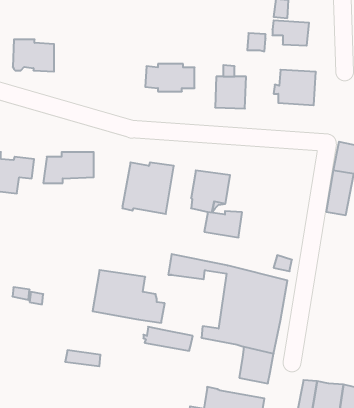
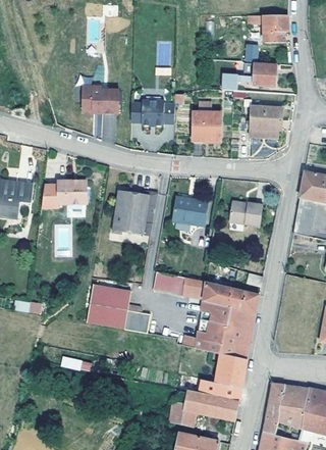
building: [13,39,54,72] -> [83,86,119,114]
building: [204,211,242,237] -> [228,202,262,226]
building: [143,327,193,351] -> [197,378,240,399]

